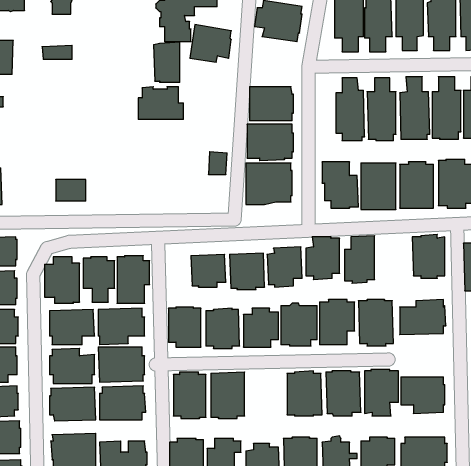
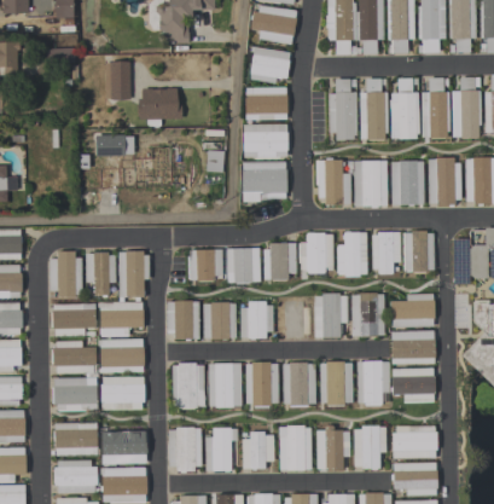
building: [190,25,231,62] -> [250,46,290,82]
building: [154,42,180,82] -> [105,60,130,99]
building: [56,180,86,201] -> [97,135,126,156]
building: none -> [372,231,401,273]
building: none -> [391,330,436,364]
building: none -> [246,361,279,406]

